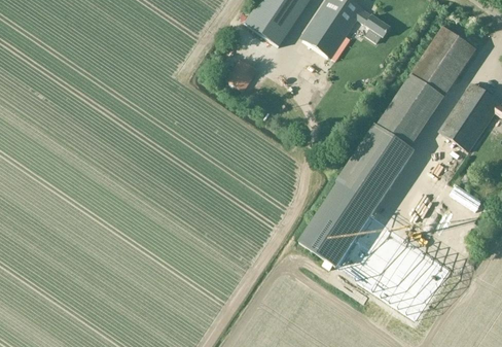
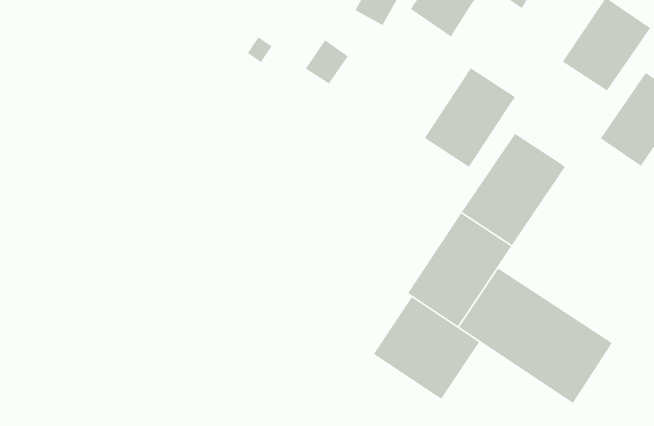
building: [377,73,443,146] -> [424,67,516,168]
building: none -> [373,296,480,400]

